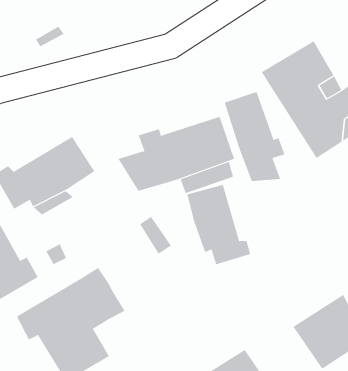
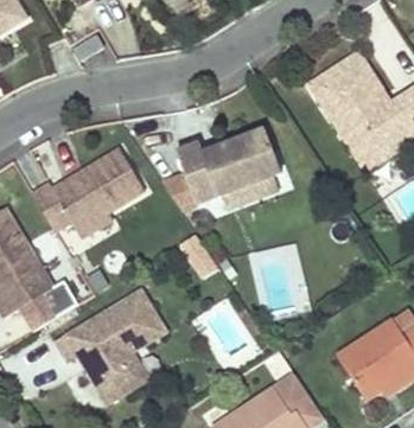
building: [224,91,285,182] -> none
building: [187,184,251,265] -> none

